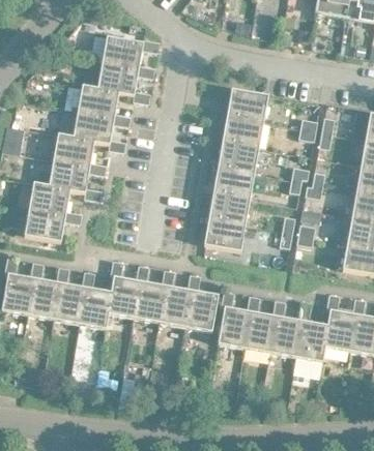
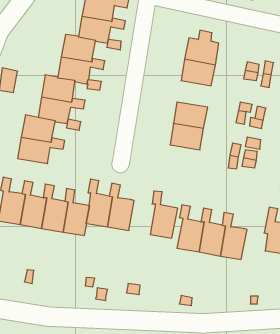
building: [218,141,259,173] -> none
building: [204,218,246,251] -> none
building: [160,269,192,327] -> none
building: [293,304,327,373] -> none

